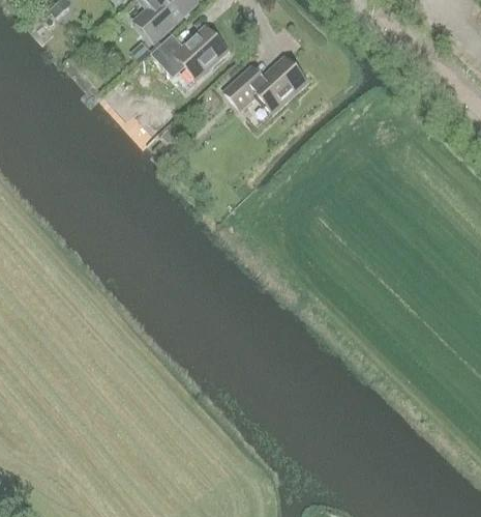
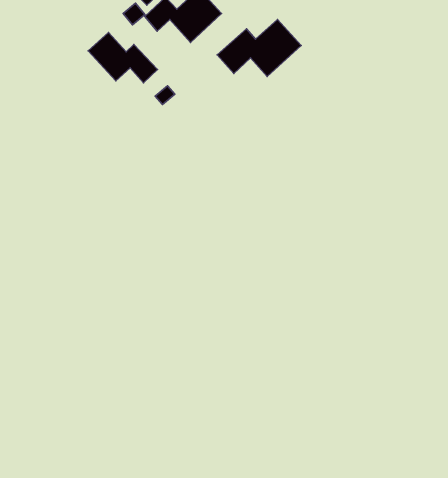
building: none -> [88,33,157,83]

